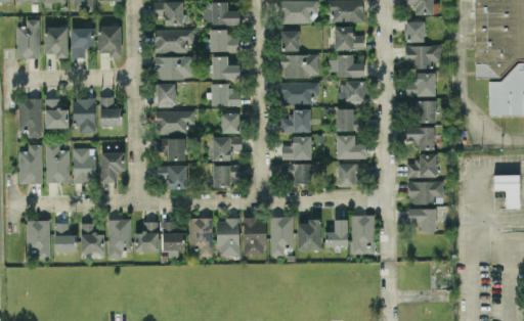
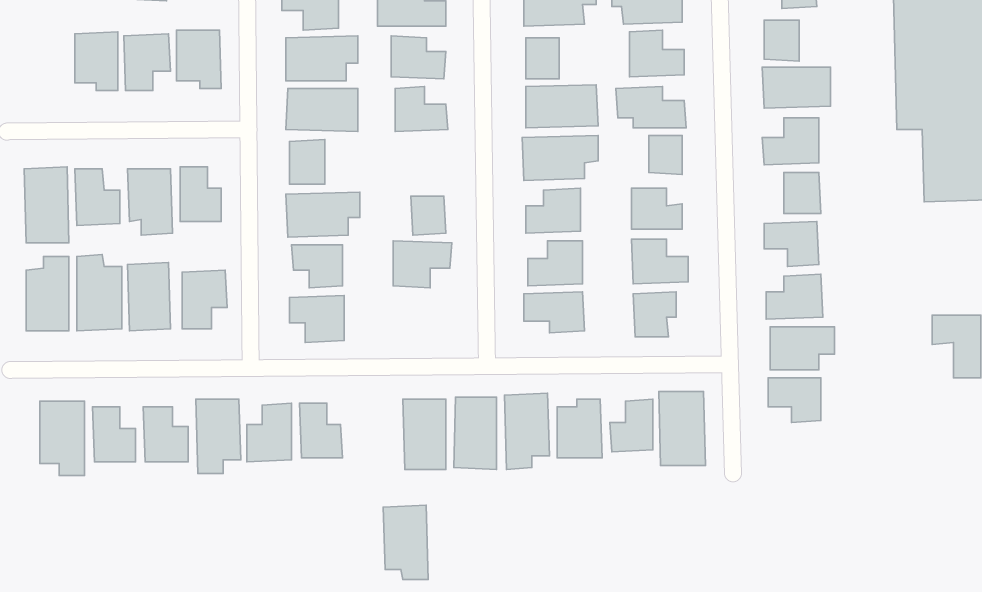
building: [16,18,41,58] -> none
building: [212,83,241,105] -> none
building: [213,164,243,187] -> none
building: [189,217,213,256] -> [383,505,428,579]

